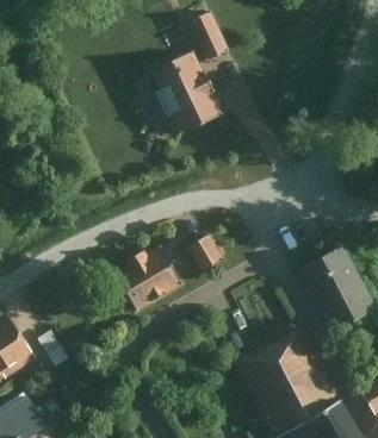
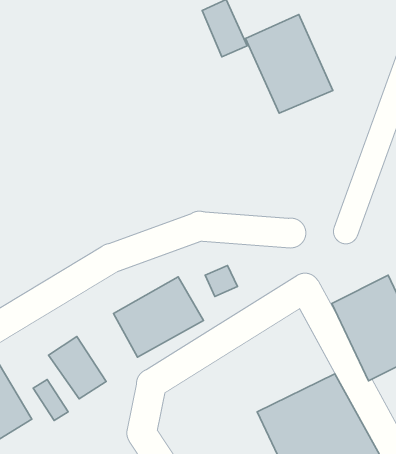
building: [147,48,221,131] -> [245,14,333,113]
building: none -> [49,336,106,399]

